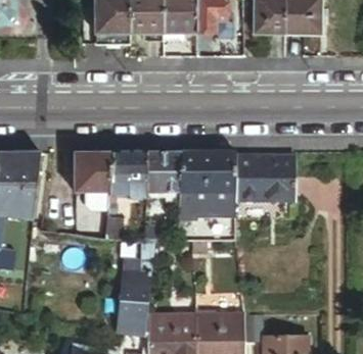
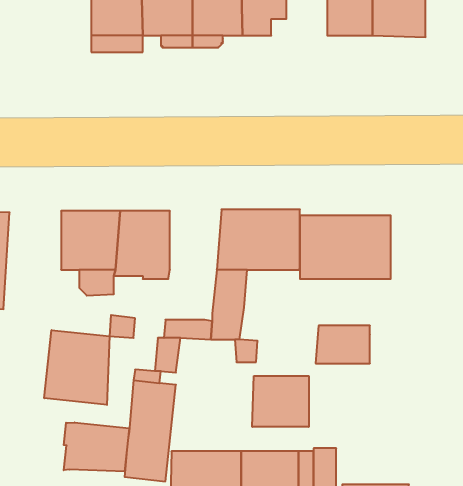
building: [147,150,182,191] -> none
building: [197,191,234,216] -> [316,326,370,363]
building: none -> [44,330,109,405]
building: none -> [252,376,309,427]
building: none -> [64,422,129,471]

